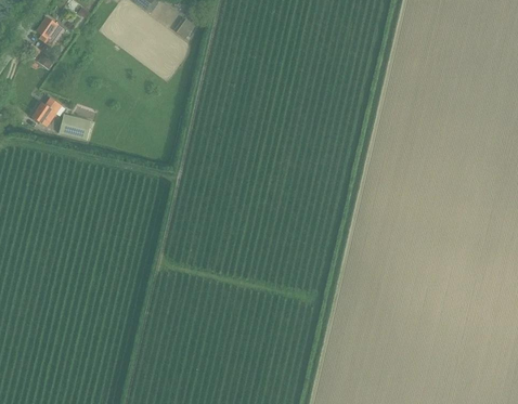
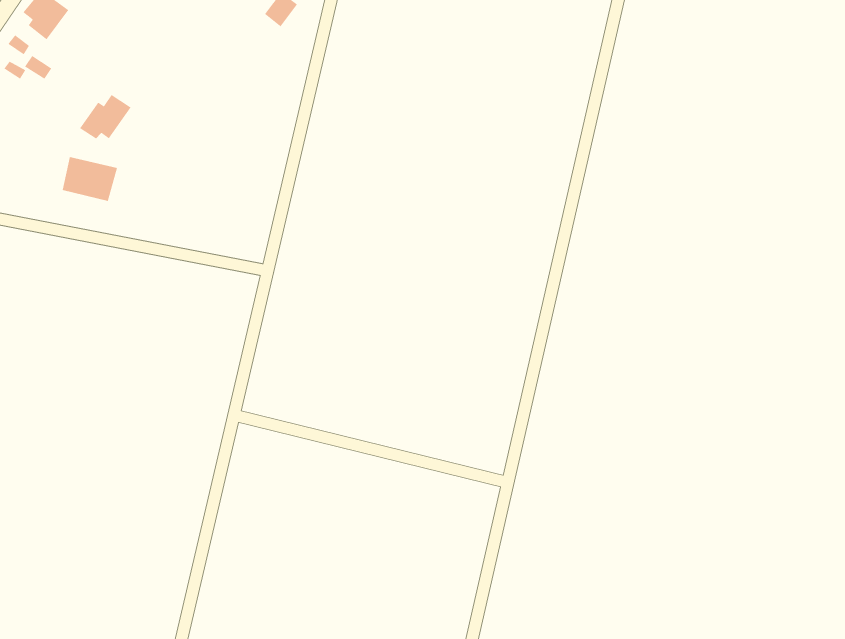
building: [29,97,60,123] -> [79,94,132,139]

